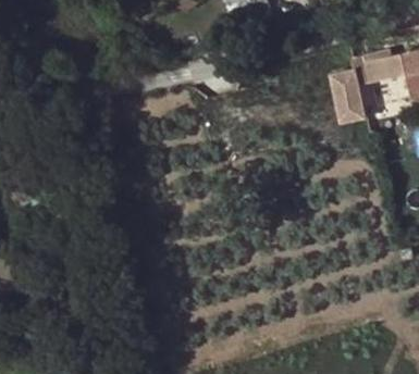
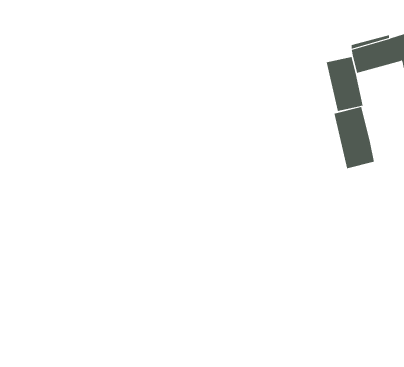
building: none -> [334,106,375,169]

